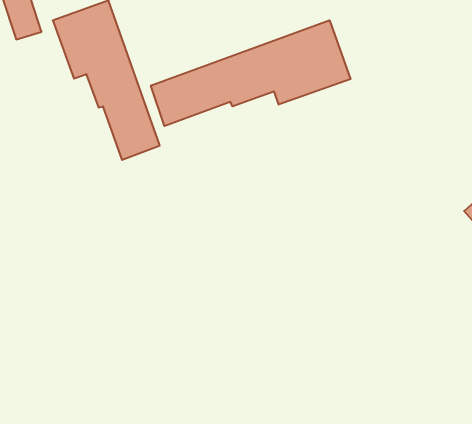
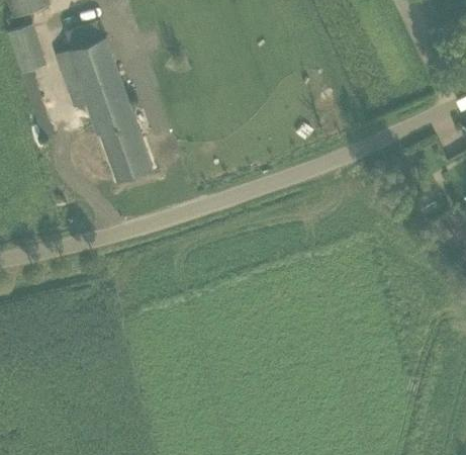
building: [151,20,351,126] -> none

